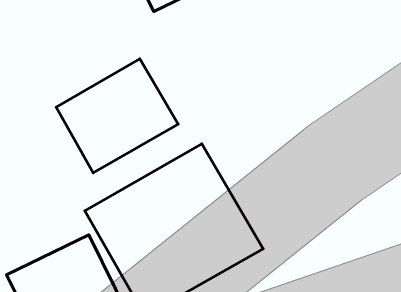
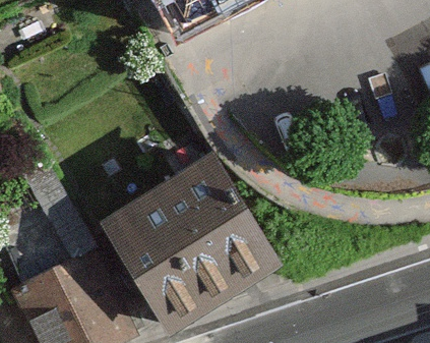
building: [56,59,178,173] -> none

